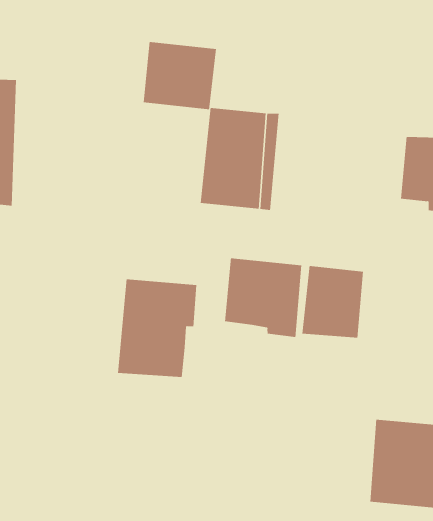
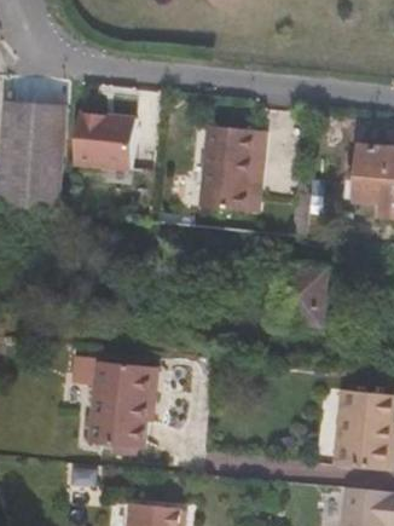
building: [143,42,217,110] -> [57,111,118,168]
building: [225,257,302,338] -> none
building: [117,279,197,378] -> [91,365,157,447]

